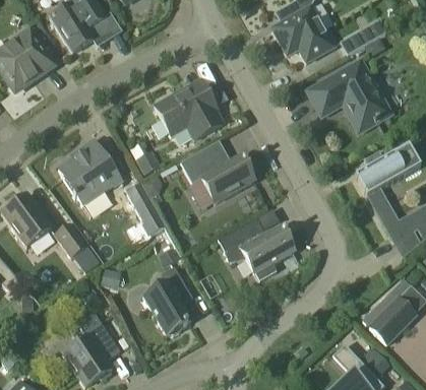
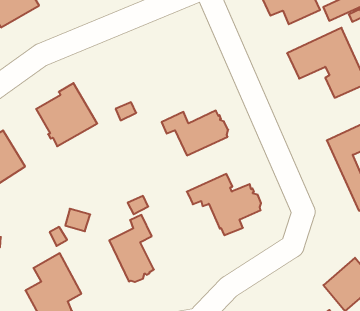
building: [155,79,224,140] -> none
building: [127,184,165,235] -> none
building: [54,223,86,258] -> none

